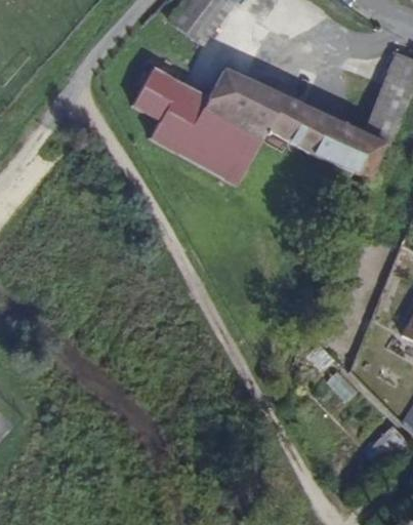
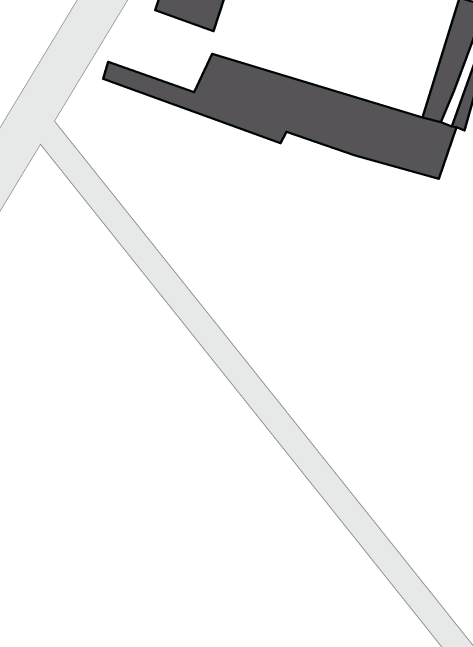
building: [127,72,260,183] -> none

